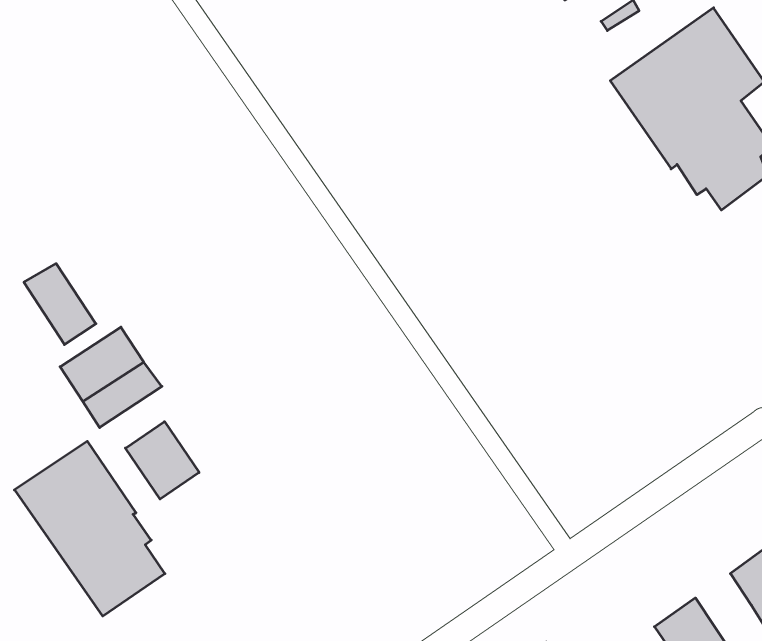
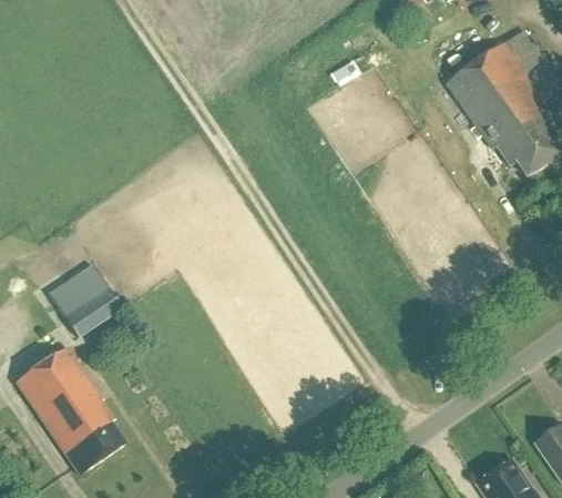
building: [24,264,96,345] -> none
building: [125,422,199,499] -> none

